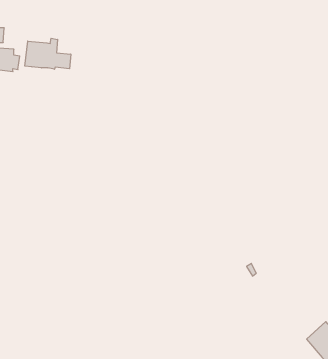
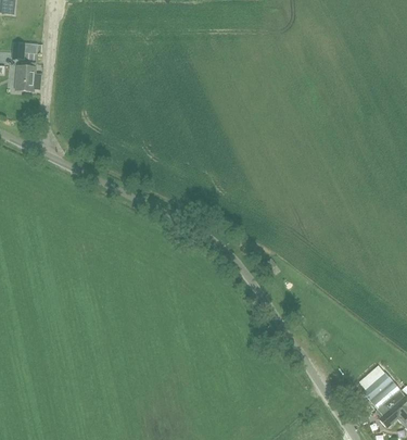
building: [25,38,71,69] -> none

